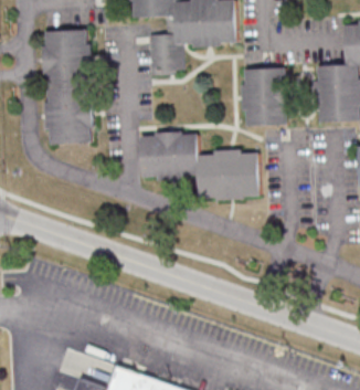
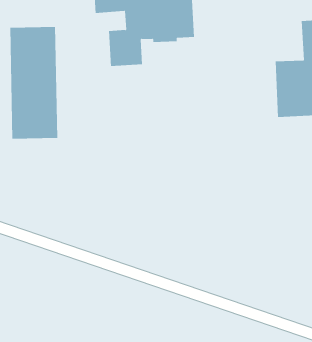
building: [240,67,289,126] -> none
building: [144,134,262,200] -> none

